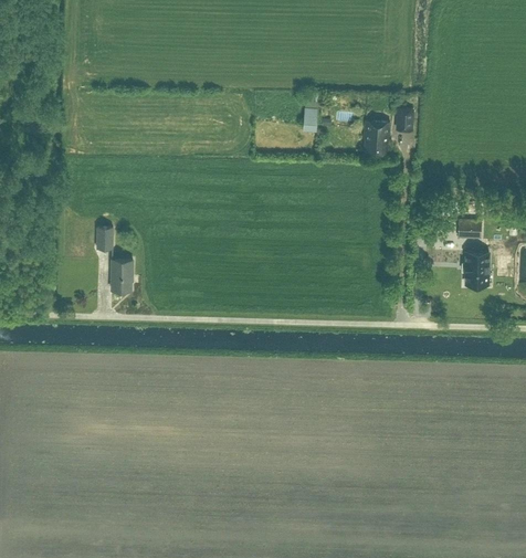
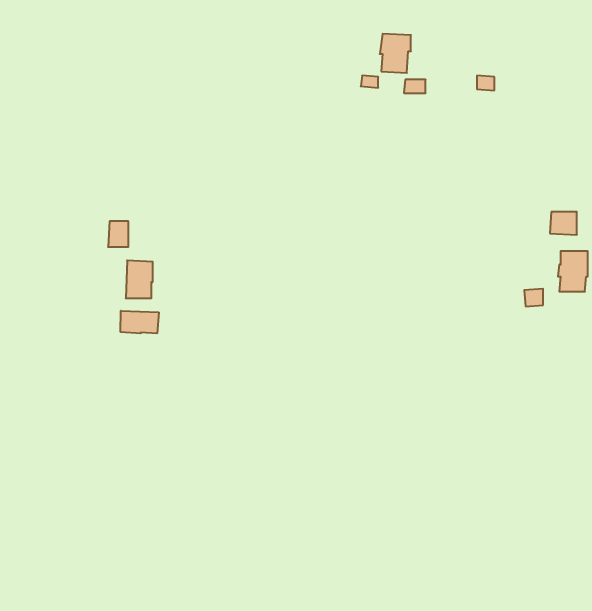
building: [364,122,389,154] -> [380,34,411,73]
building: none -> [121,311,159,333]

